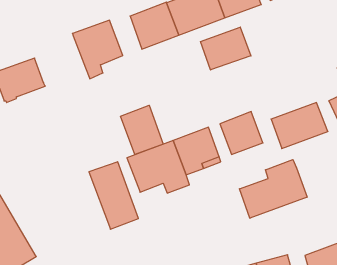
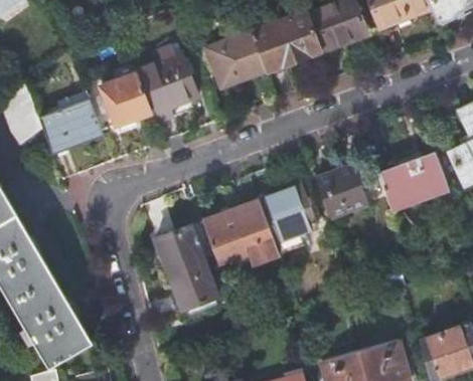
building: [200,27,251,70] -> none
building: none -> [86,72,151,130]
building: [120,105,163,155] -> none
building: [239,160,307,218] -> none

